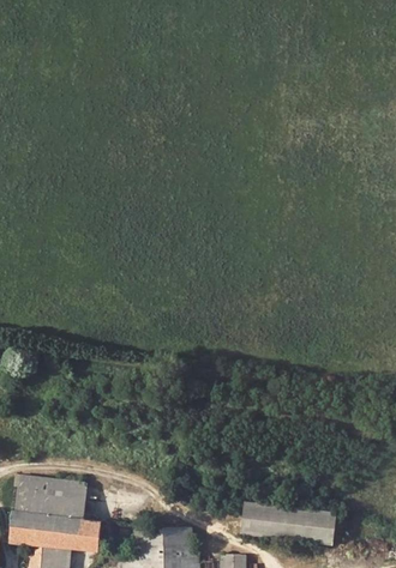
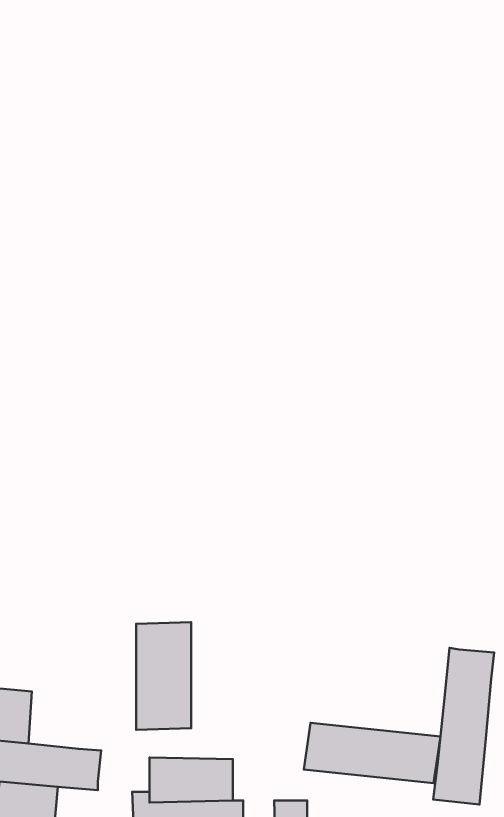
building: none -> [136,622,191,730]
building: none -> [433,648,494,804]
building: [50,479,88,519] -> none

